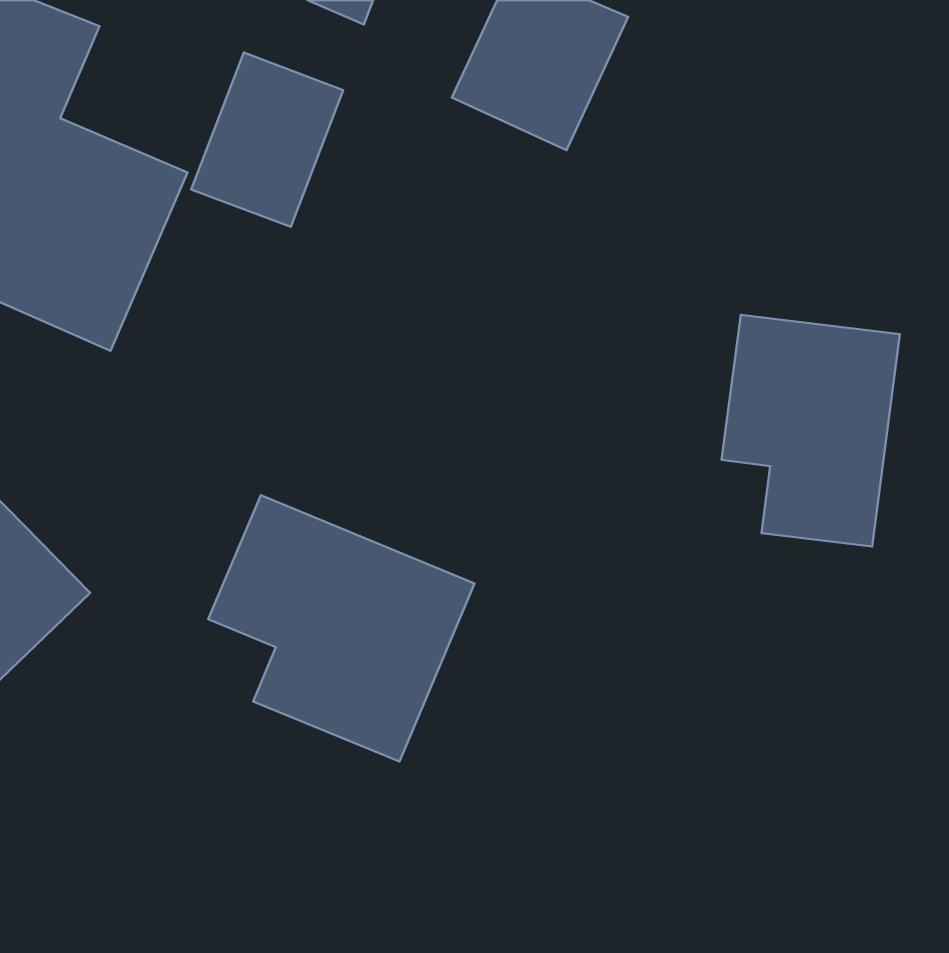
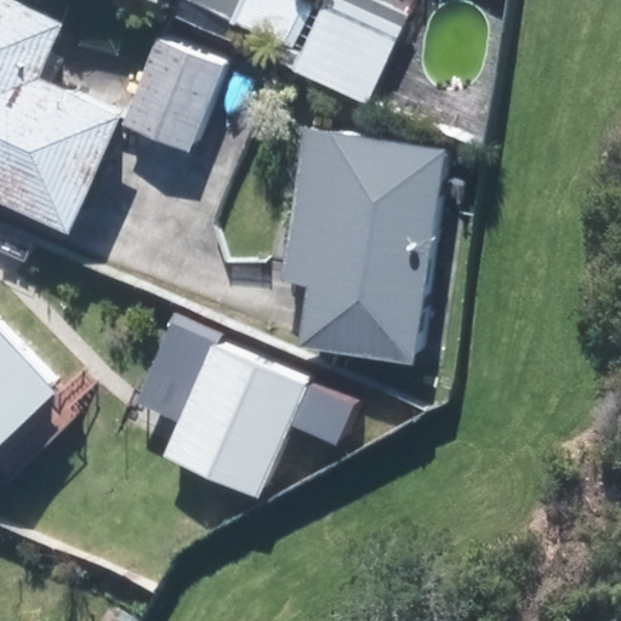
building: none -> [280,129,445,363]
building: [722,315,900,546] -> none

